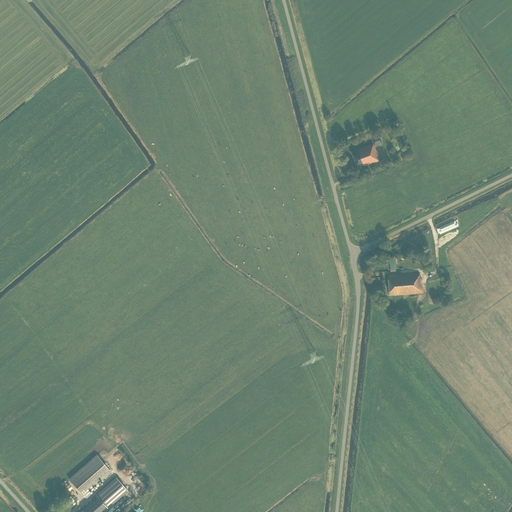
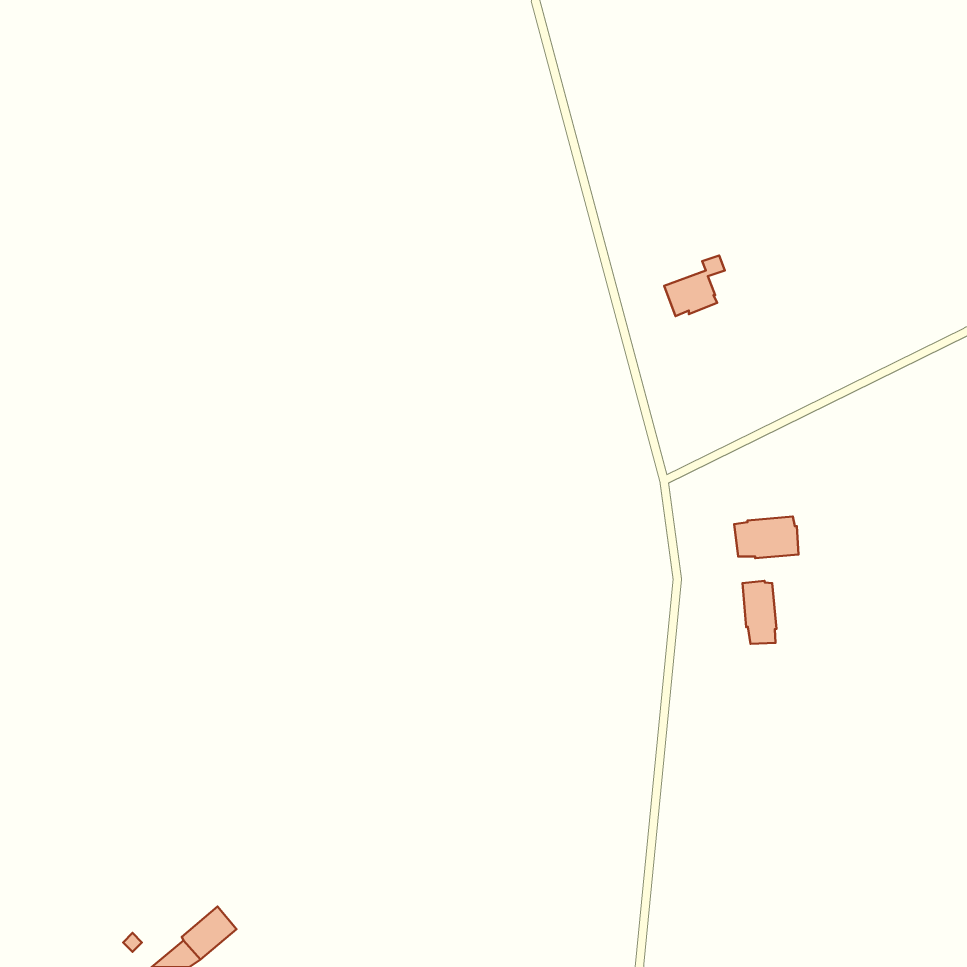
building: none -> [742,581,776,644]
building: [69,456,111,496] -> none

